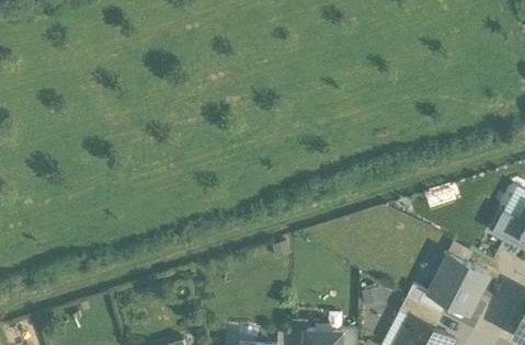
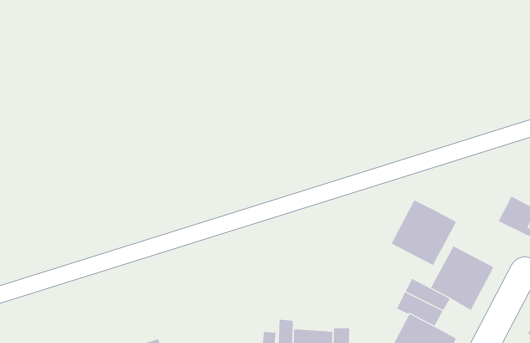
building: none -> [391,200,456,266]

